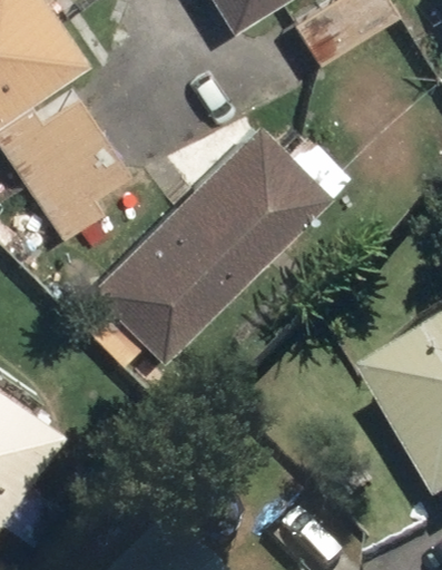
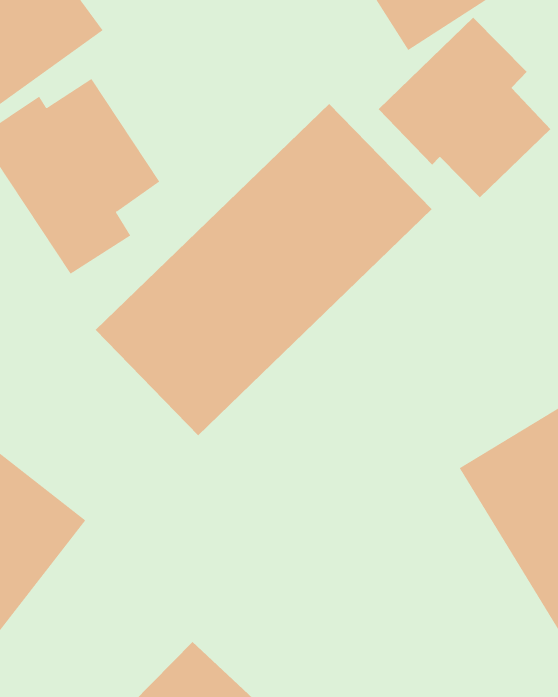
building: none -> [378,17,551,198]

